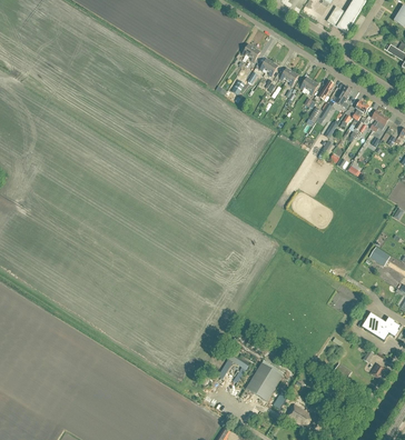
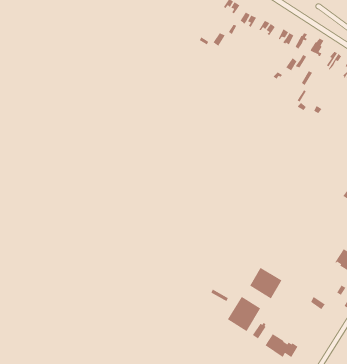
building: none -> [249,267,282,299]

